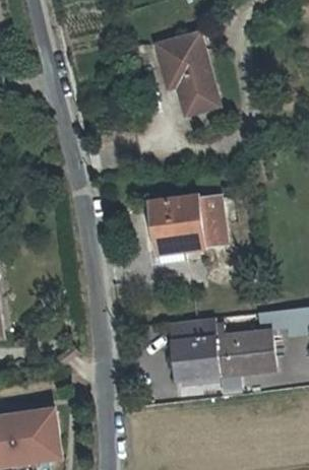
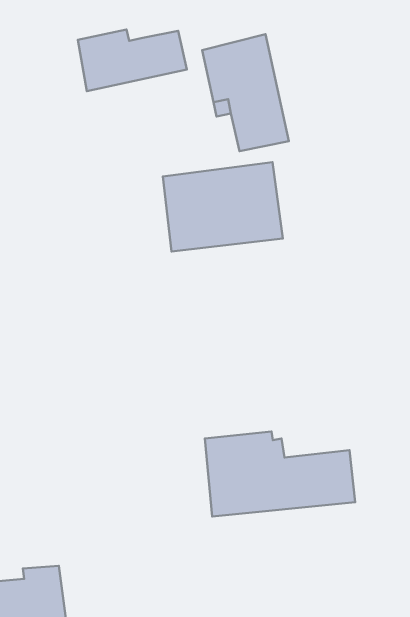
building: none -> [78,30,187,91]
building: [147,192,232,255] -> [163,162,283,252]

